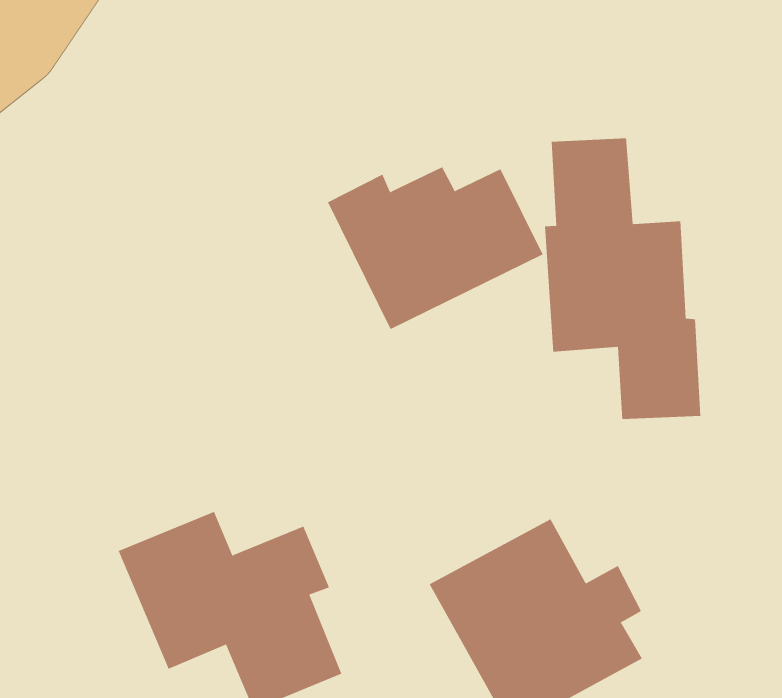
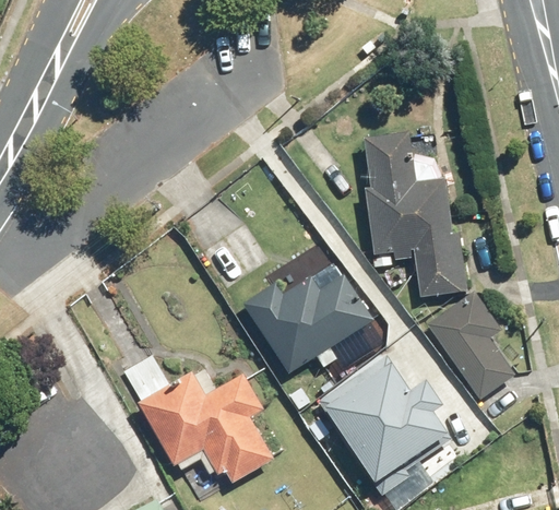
building: [327,167,543,330] -> [246,273,373,372]
building: none -> [428,290,516,399]

